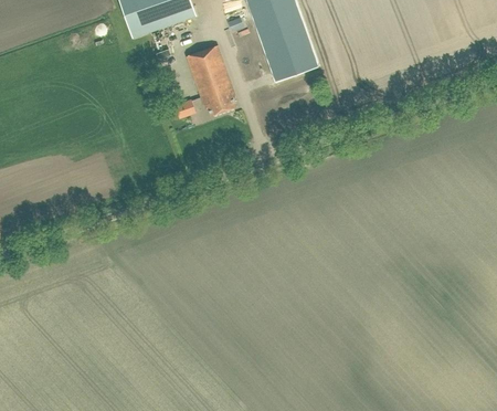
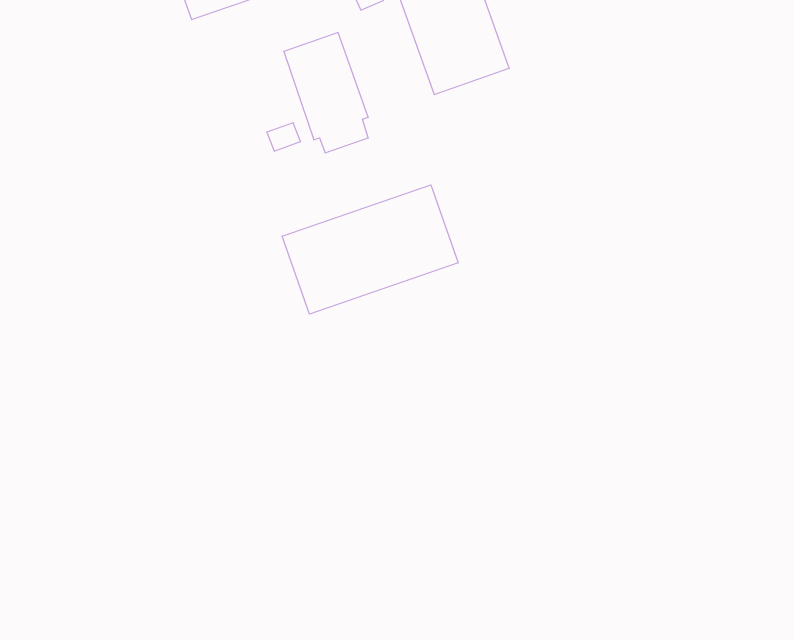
building: none -> [282,185,458,314]

